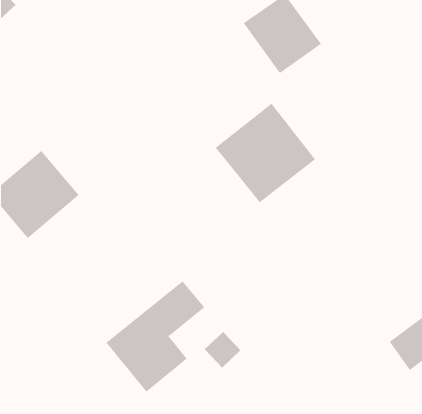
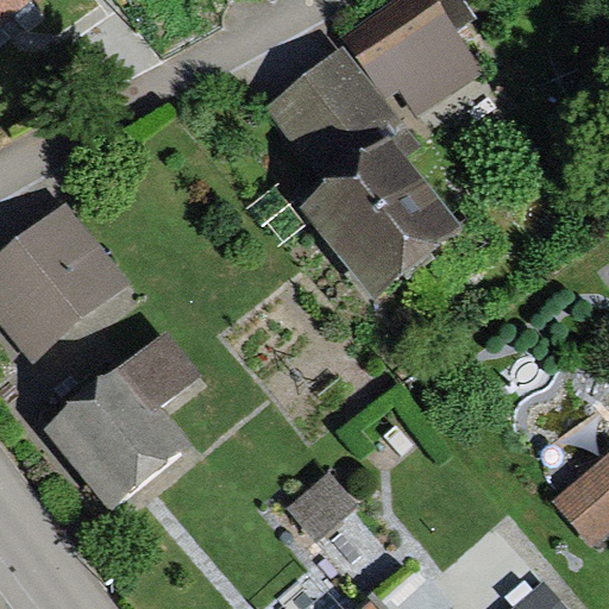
building: none -> [280,65,385,170]
building: [106,281,205,393] -> [51,339,194,500]

